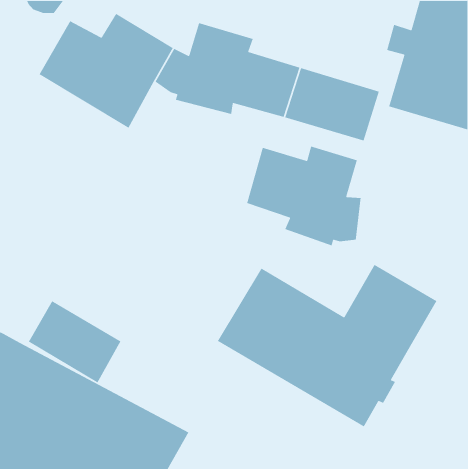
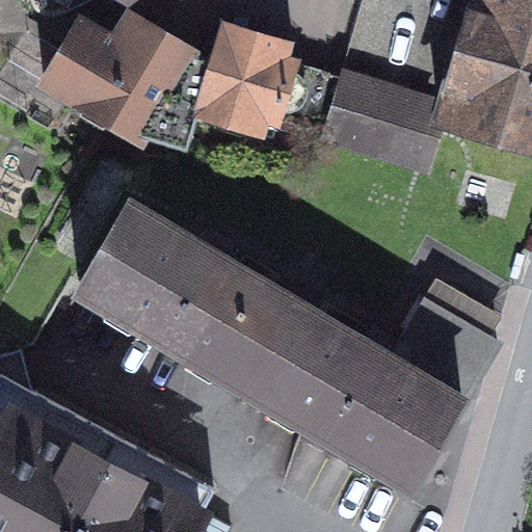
building: [246,145,361,247] -> none
building: none -> [80,206,295,387]
building: [28,300,121,383] -> none

